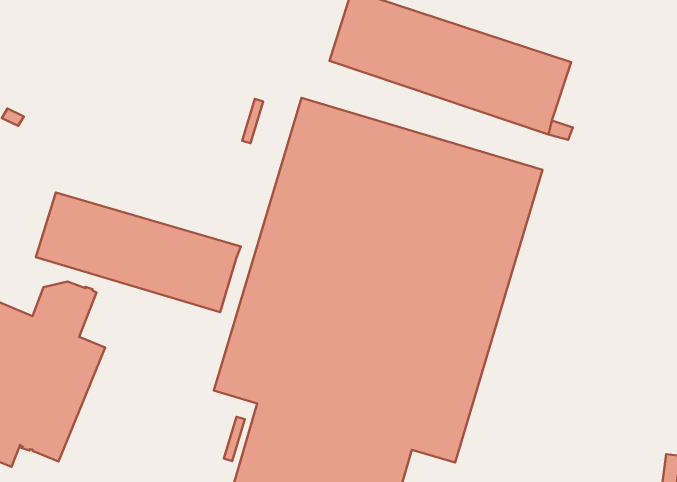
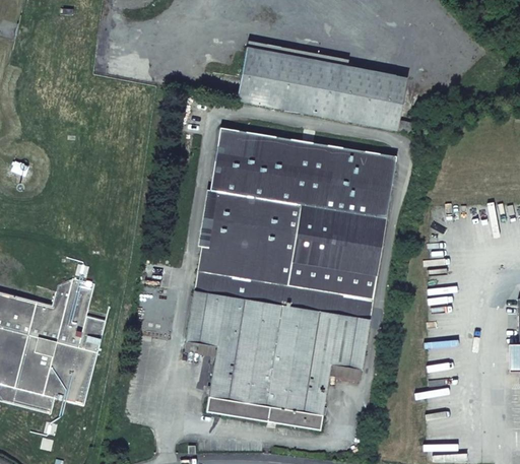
building: [36,192,241,312] -> none

